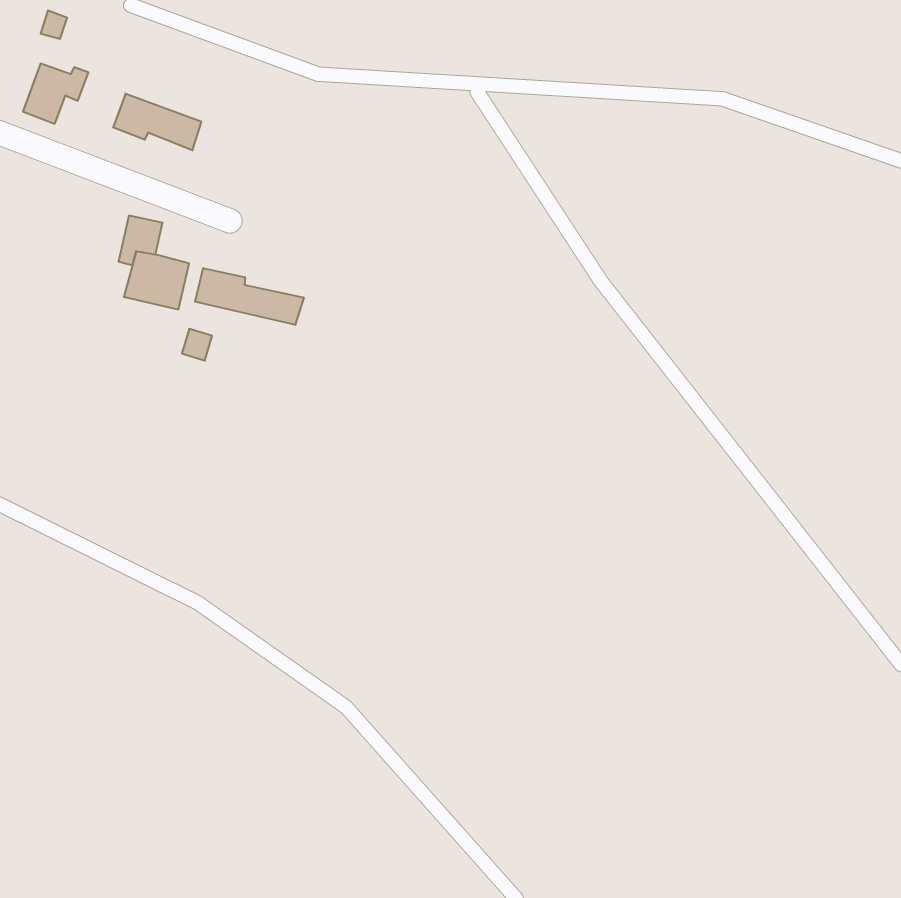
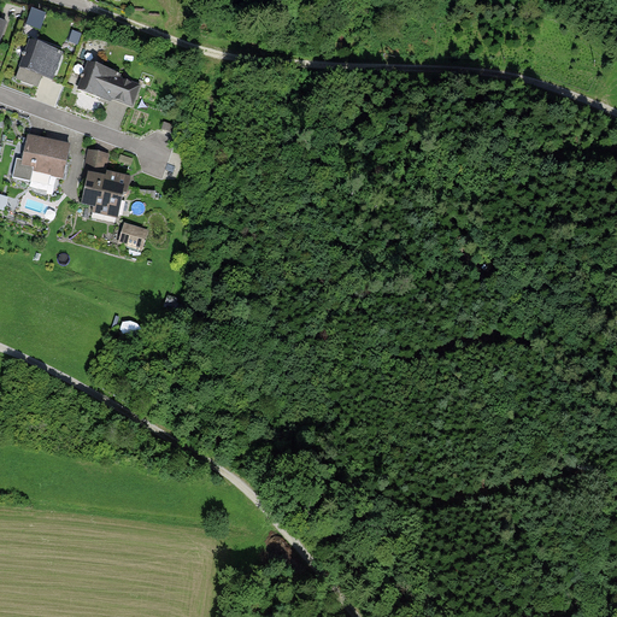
building: none -> [11,135,69,180]
building: [195,268,304,325] -> none

